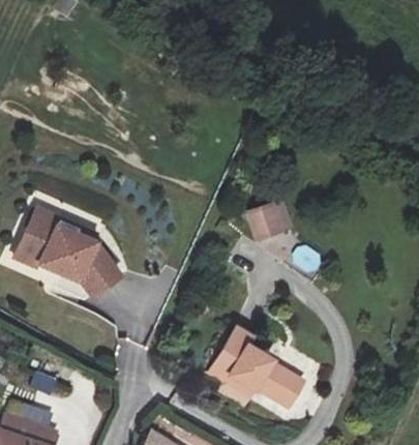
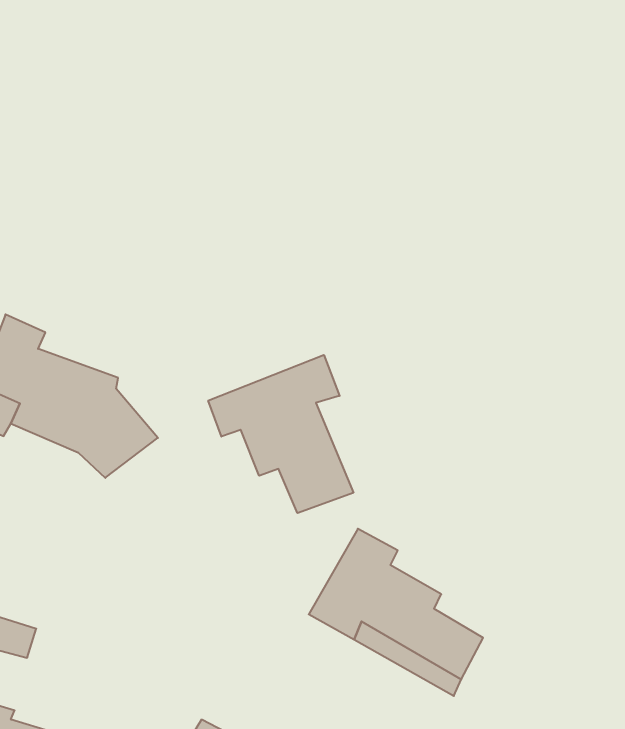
building: [248,200,290,238] -> none
building: none -> [208,355,353,513]

